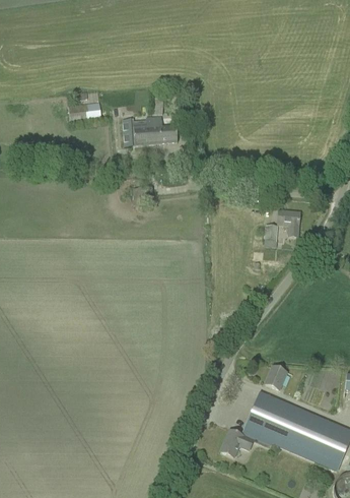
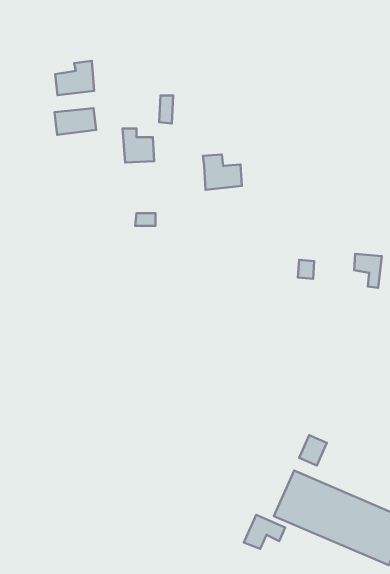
building: none -> [55,61,94,95]
building: [145,115,177,143] -> [203,154,242,190]
building: [277,208,299,236] -> [354,254,382,288]

